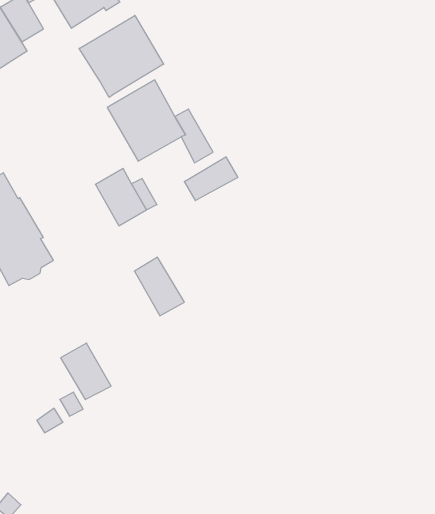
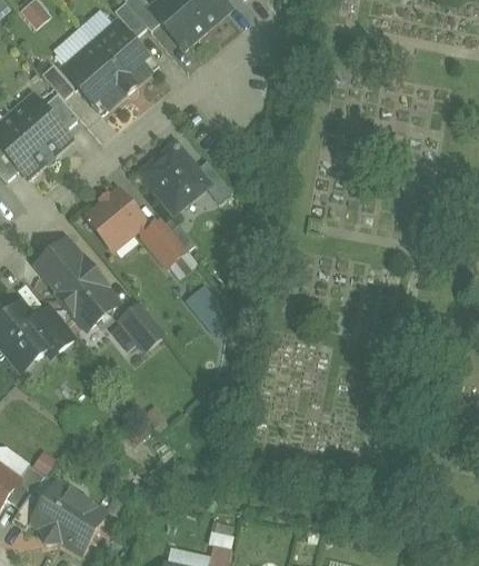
building: [79,15,164,97] -> none
building: none -> [84,190,144,249]
building: [184,157,238,201] -> none
building: [61,343,111,400] -> [119,304,163,349]

